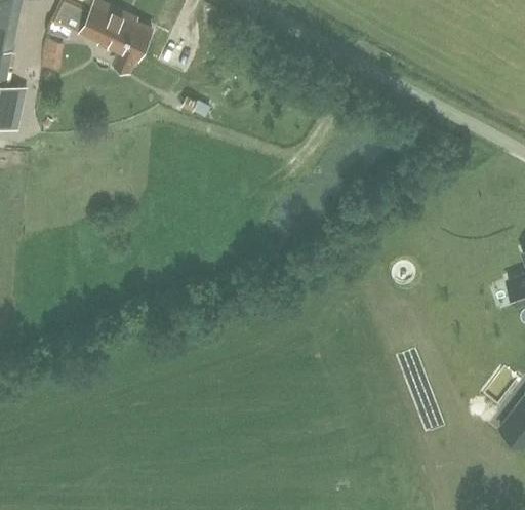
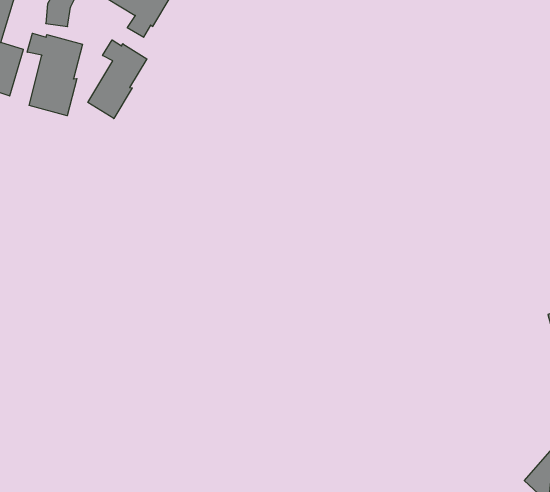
building: none -> [88,40,147,119]
building: none -> [27,33,82,116]

